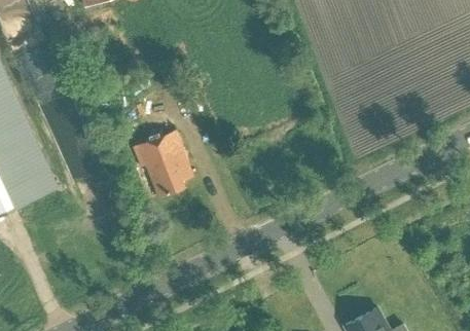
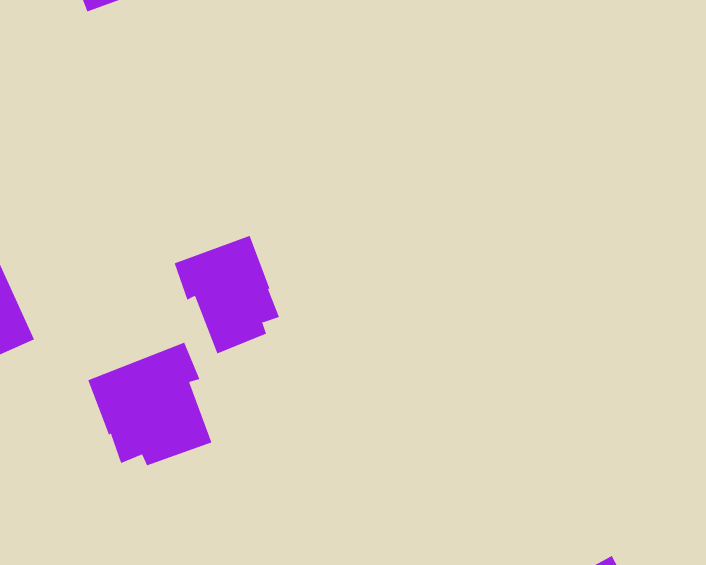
building: none -> [87,342,212,466]

